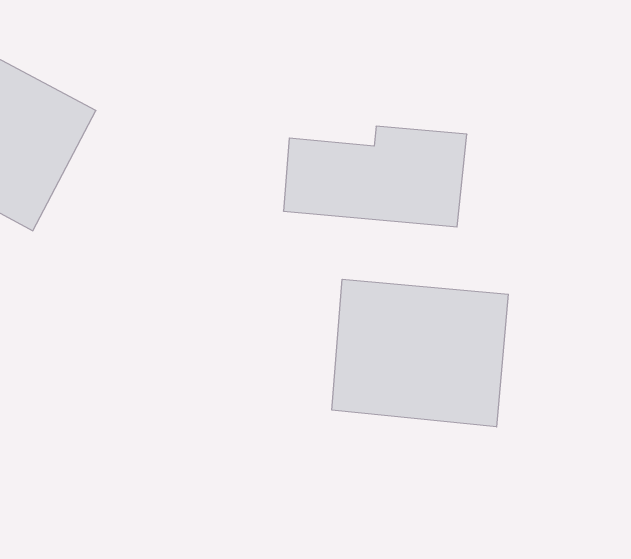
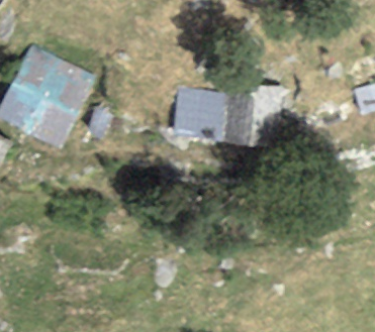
building: [332,279,508,427] -> none

